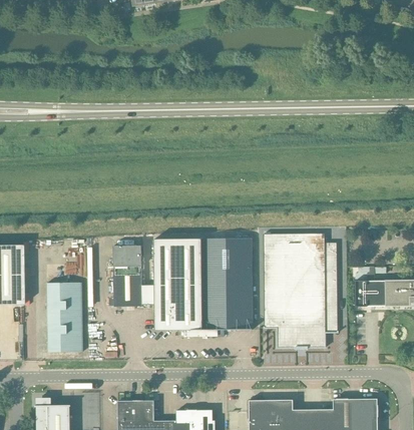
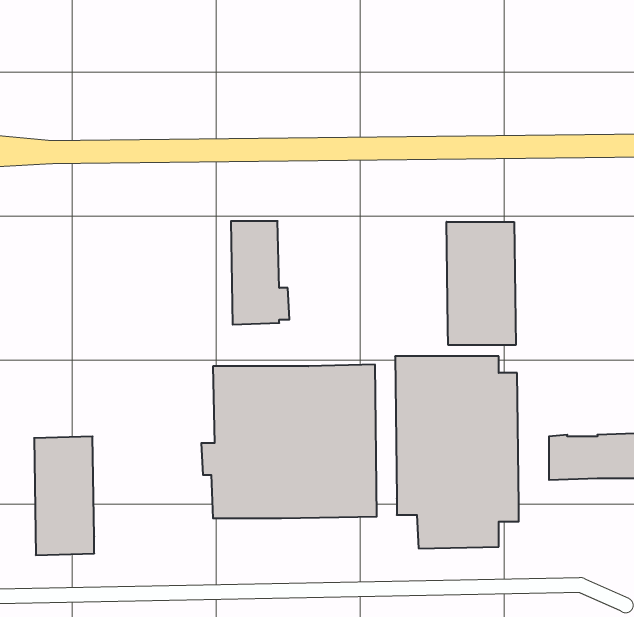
building: none -> [447,222,516,345]
building: [113,246,148,308] -> [231,221,289,325]

